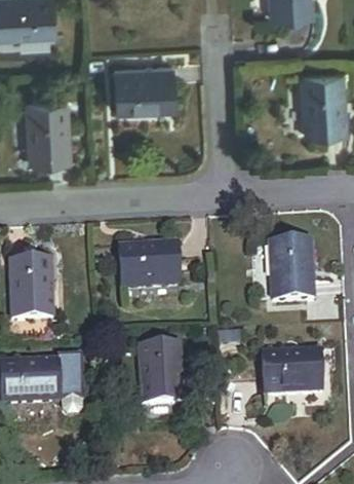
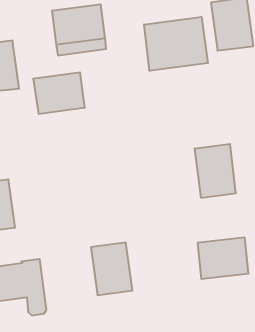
building: none -> [144,17,208,71]
building: [119,241,176,286] -> [33,73,85,114]

